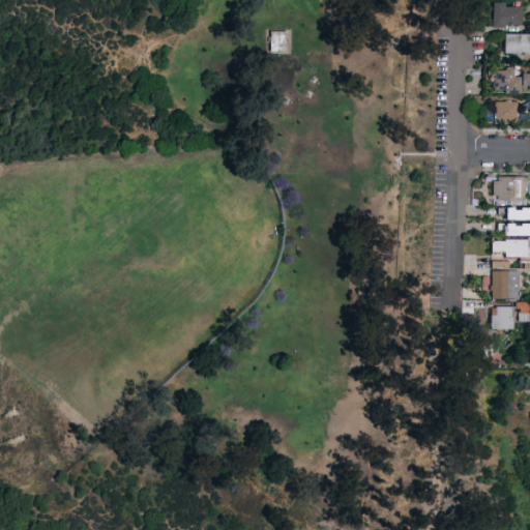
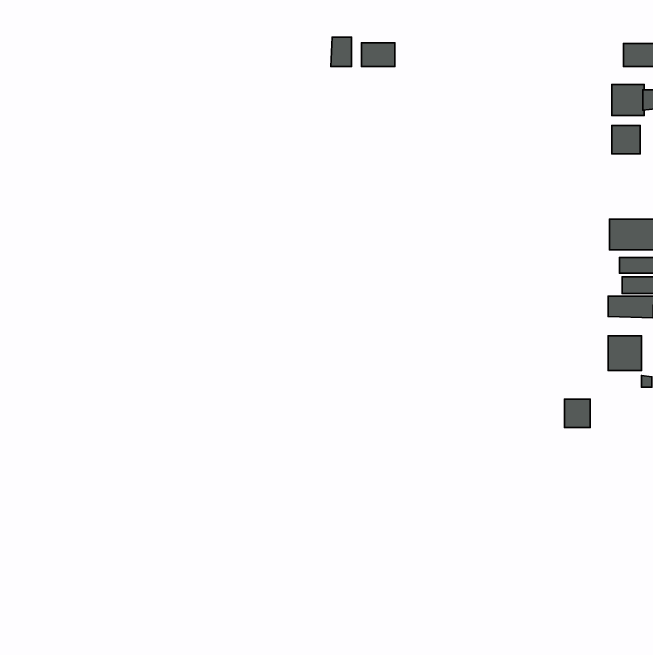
building: [495,4,524,26] -> none
building: none -> [361,43,395,67]
building: [493,307,513,330] -> [565,399,590,427]

